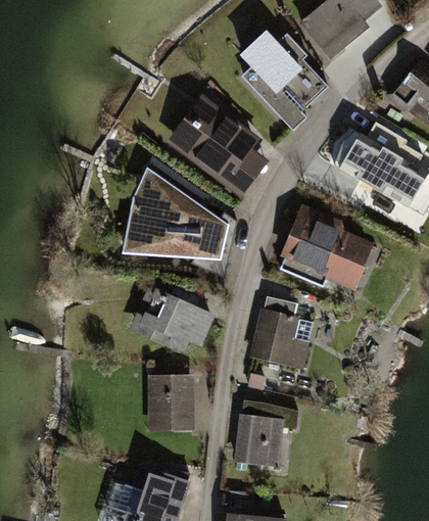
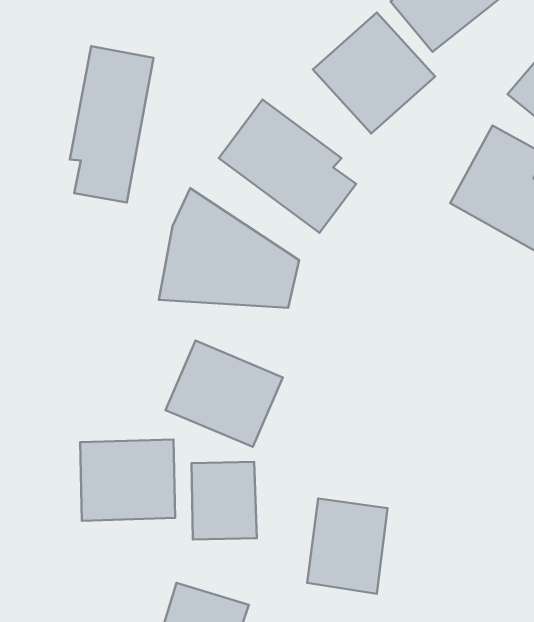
building: none -> [70,46,154,203]
building: [275,199,381,290] -> none
building: [246,304,313,373] -> none
building: none -> [80,439,175,521]

